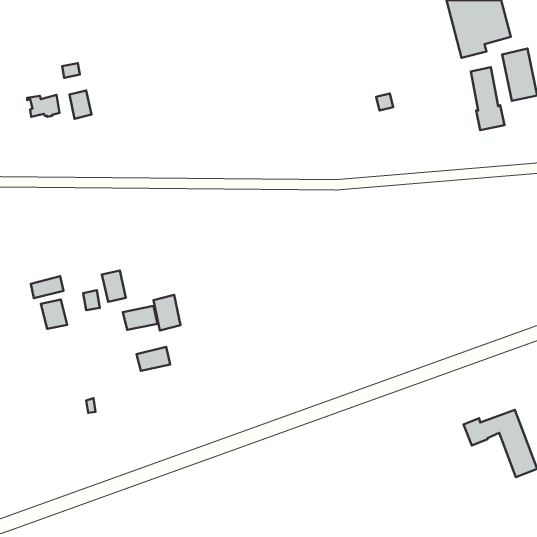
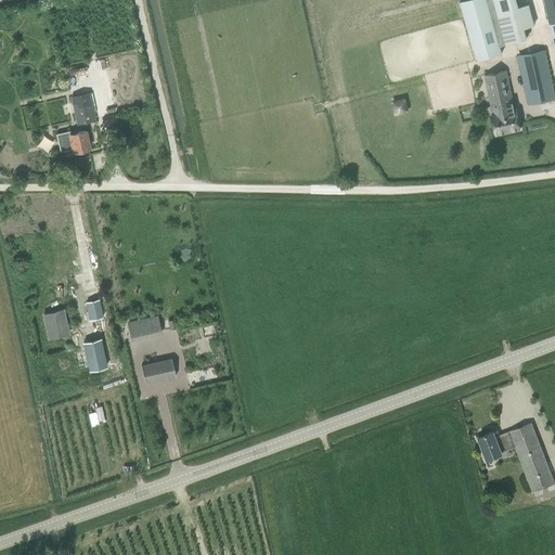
building: [27,95,60,117] -> [55,130,89,153]
building: [102,270,126,302] -> [82,338,107,371]
building: [31,276,63,298] -> none
building: [154,295,181,331] -> none

